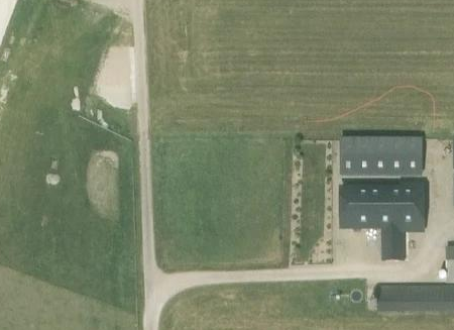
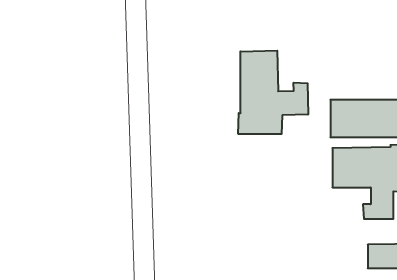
building: none -> [238,51,308,134]

